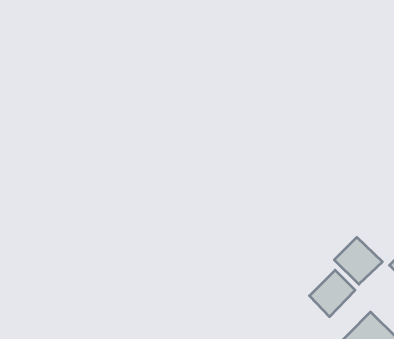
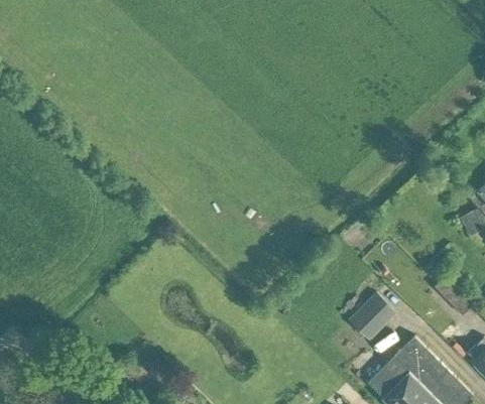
building: [334,237,382,284] -> none

